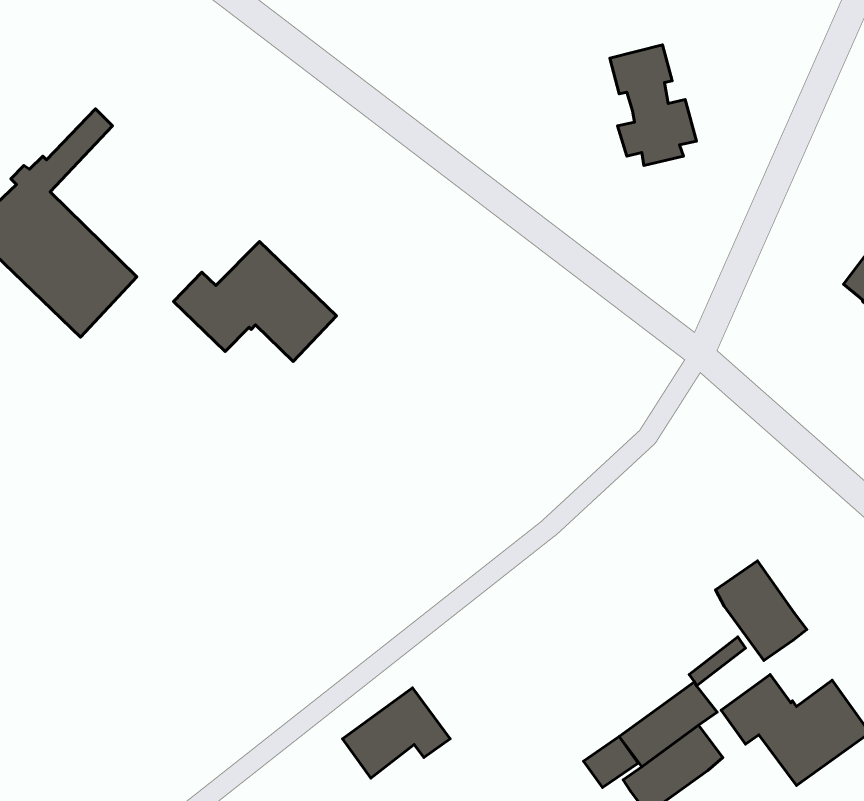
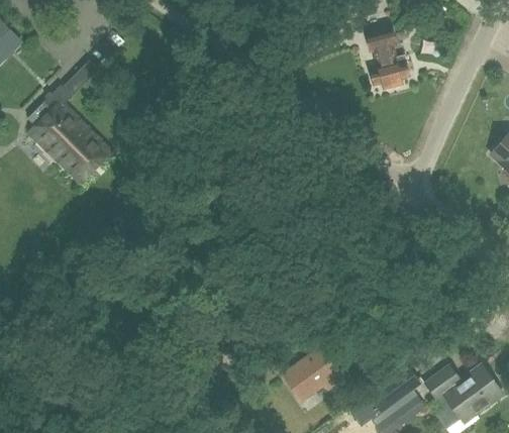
building: [174,242,337,362] -> none
building: [715,561,807,661] -> none
building: [343,688,450,778] -> [285,352,342,401]

